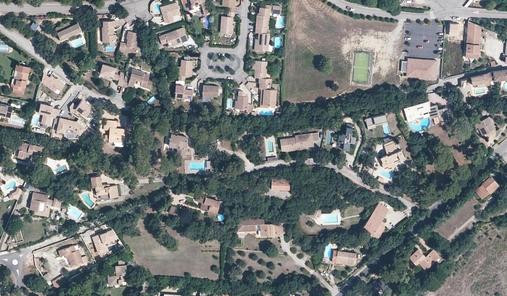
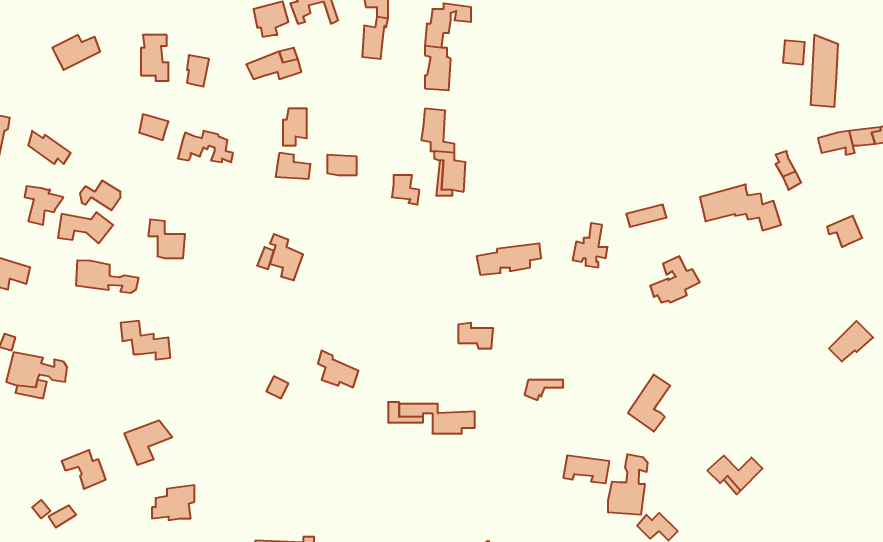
building: [407,59,437,78] -> none
building: none -> [76,260,138,293]
building: none -> [608,454,648,515]

